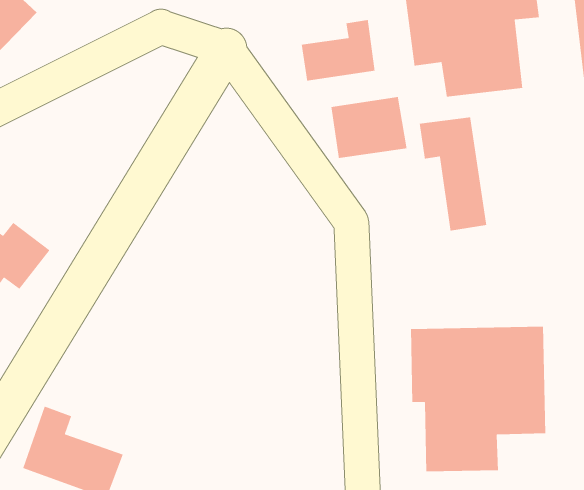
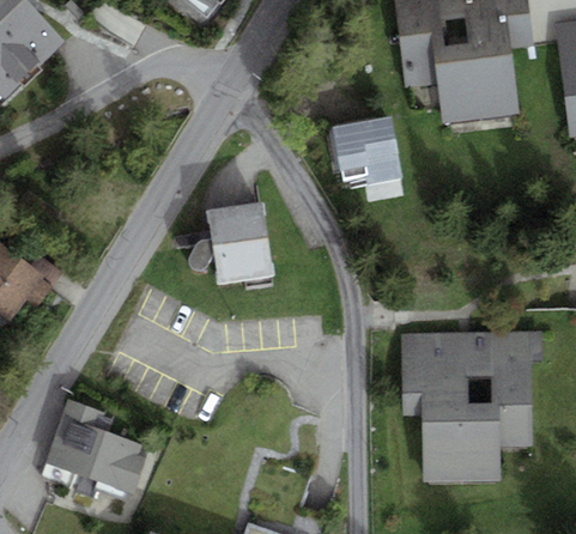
building: [301,19,376,82] -> none
building: [419,117,487,231] -> none
building: none -> [206,208,275,278]

